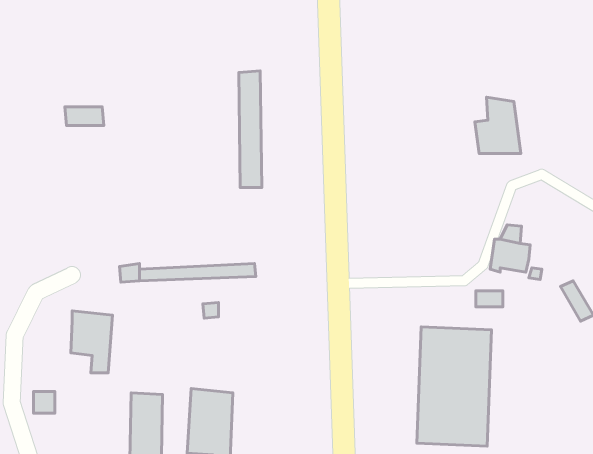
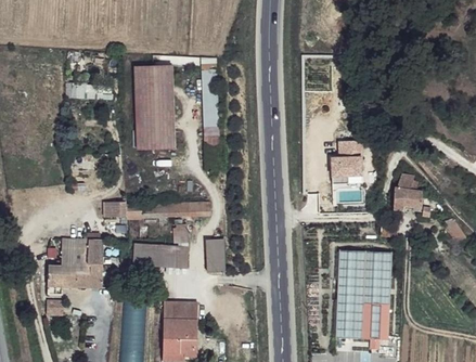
building: none -> [133,66,175,151]
building: [475,97,521,153] -> [330,139,364,181]
building: none -> [205,235,223,267]
building: none -> [132,245,178,268]
building: none -> [49,246,91,286]

